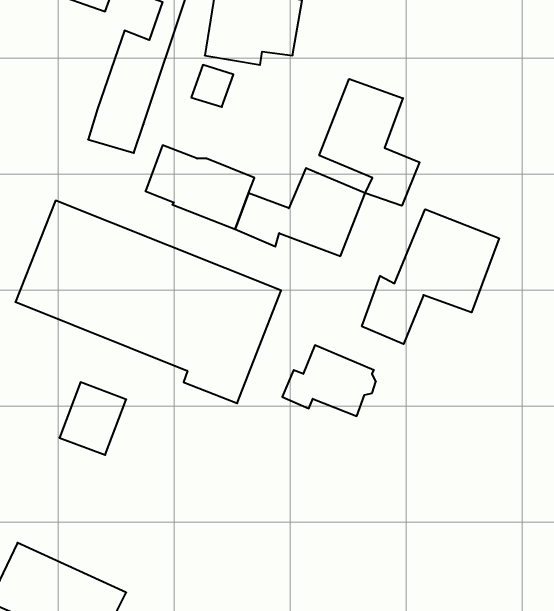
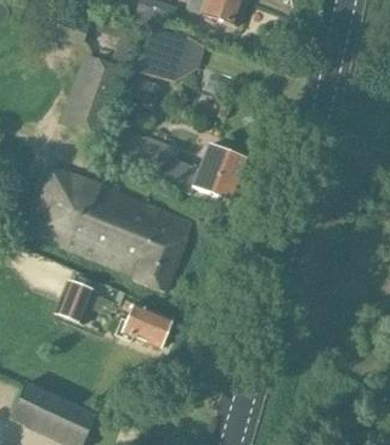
building: [319,79,420,206] -> none
building: [362,209,499,344] -> none
building: [282,345,376,416] -> [113,302,173,347]

